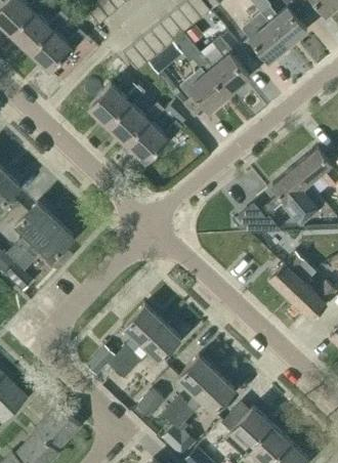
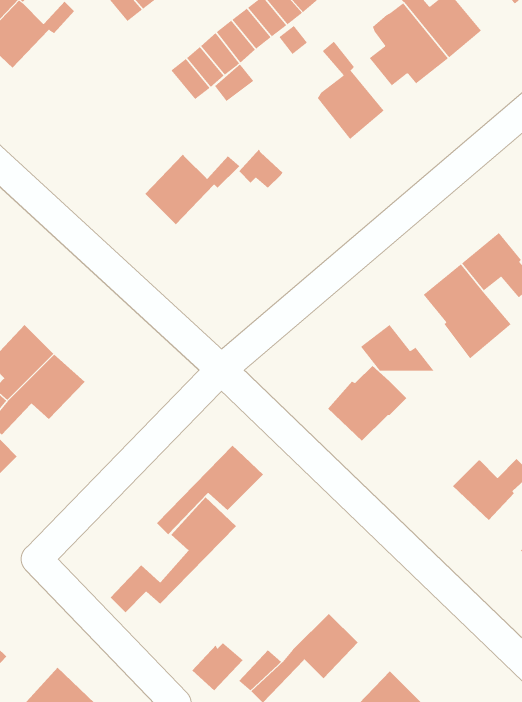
building: [30,30,85,71] -> none
building: [173,35,228,111] -> none
building: [88,84,144,126] -> none
building: [126,121,182,162] -> none
building: [268,253,315,298] -> [327,365,407,442]
building: [117,322,180,375] -> [156,445,264,535]
building: [177,355,216,394] -> none

